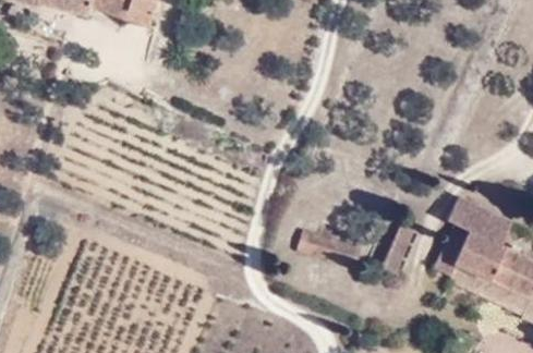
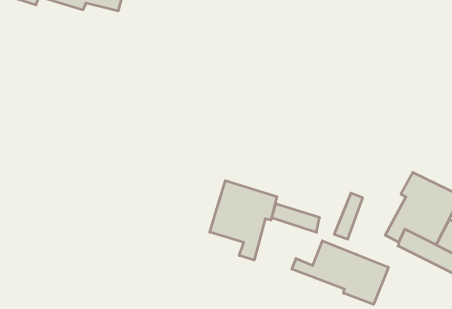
building: none -> [210,181,277,260]
building: none -> [292,241,388,304]

